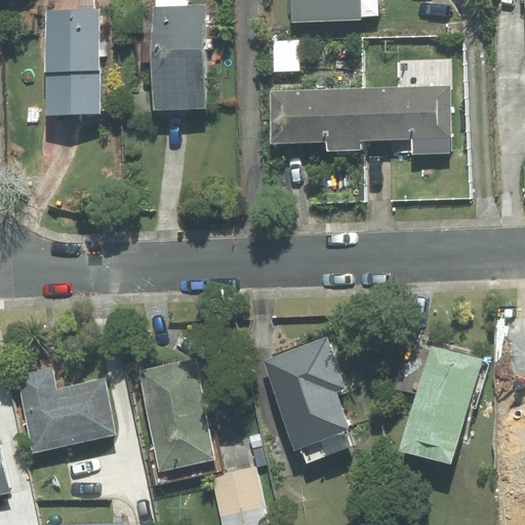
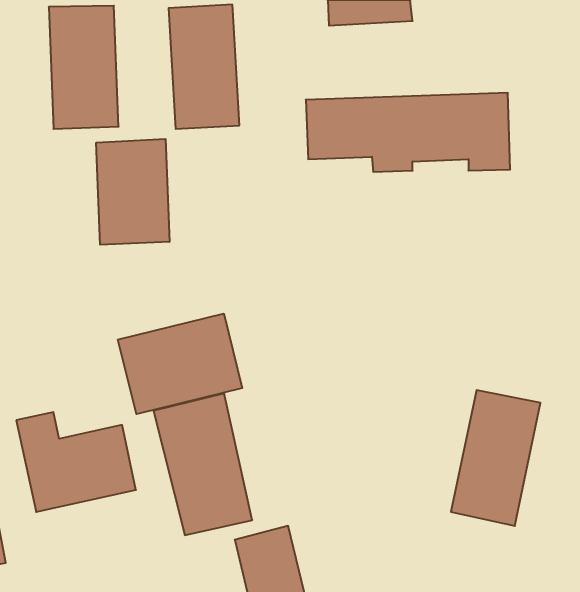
building: none -> [96,139,169,245]
building: none -> [118,314,242,414]
building: [258,337,363,466] -> none

